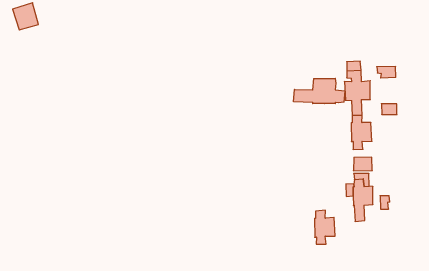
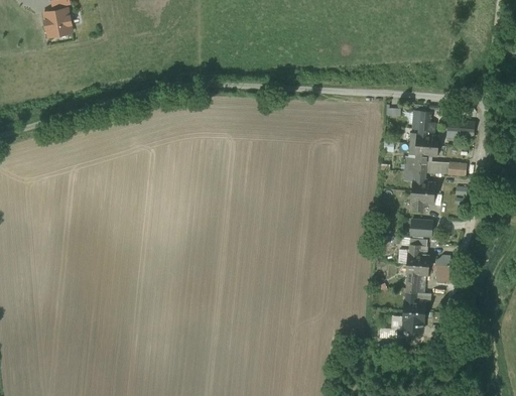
building: [294,78,345,104] -> none
building: [315,210,335,244] -> [402,292,426,331]

